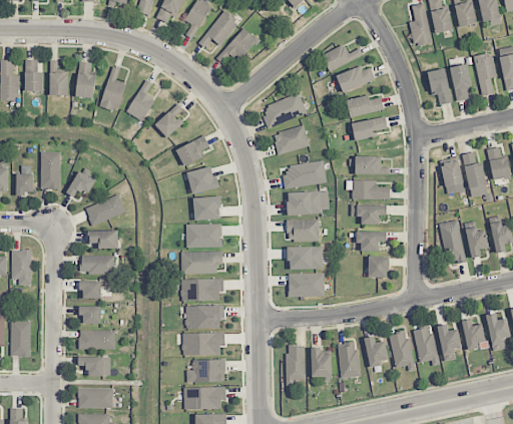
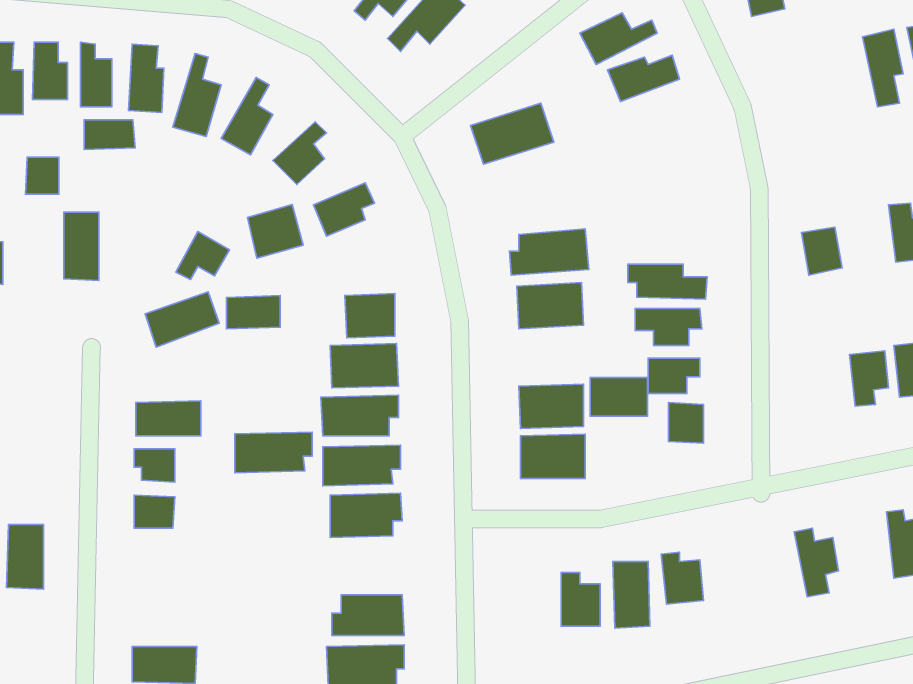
building: [450,64,472,101] -> none
building: [427,68,452,105] -> none
building: [346,95,384,117] -> none
building: none -> [84,120,135,150]
building: [352,116,388,141] -> none
building: [273,125,310,154] -> none
building: [463,152,487,197] -> none
building: [349,156,390,174] -> none
building: [187,165,217,194] -> [248,204,303,258]
building: [66,170,95,196] -> [176,231,229,280]
building: [16,173,34,193] -> [25,157,59,194]
building: [288,220,319,241] -> [590,378,648,416]
building: [438,220,466,266] -> none
building: [89,230,118,248] -> [226,296,280,329]
building: [11,250,31,285] -> none
building: [461,319,486,349] -> none
building: [413,326,439,364] -> none
building: [79,330,115,349] -> none
building: [390,332,413,369] -> none
building: [182,333,224,355] -> [235,432,312,473]
building: [286,346,305,385] -> none
building: [78,357,110,376] -> none

